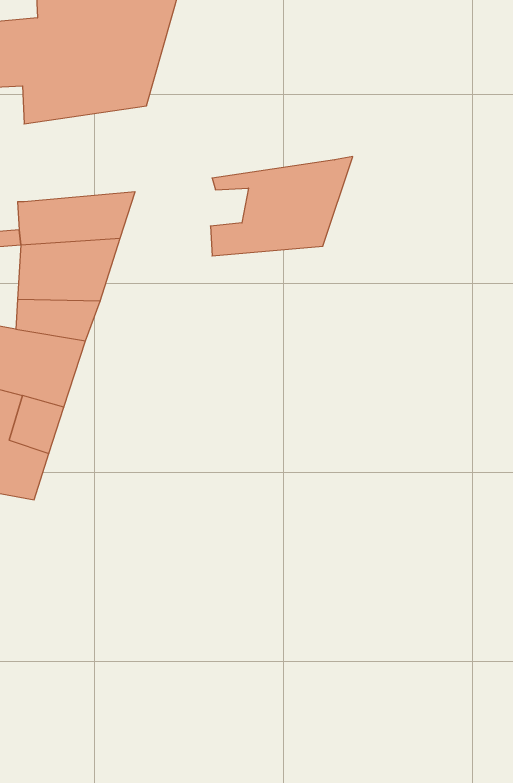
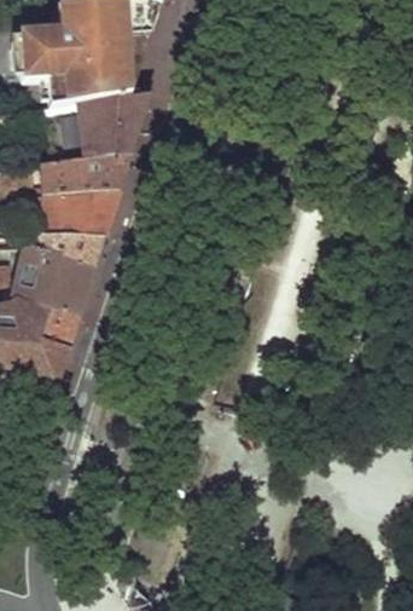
building: [210,157,353,256] -> [45,92,149,165]

